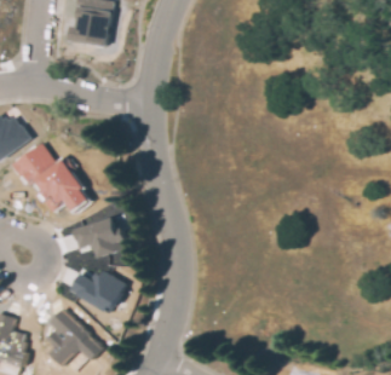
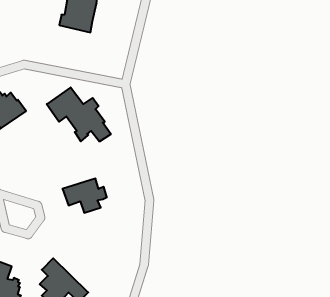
building: [13,146,88,209] -> [47,87,111,141]
building: [73,271,126,311] -> none

